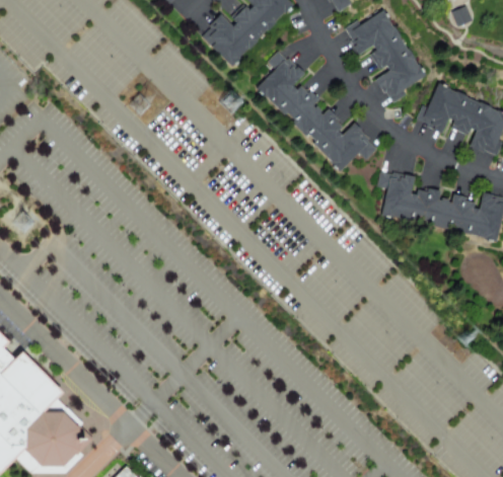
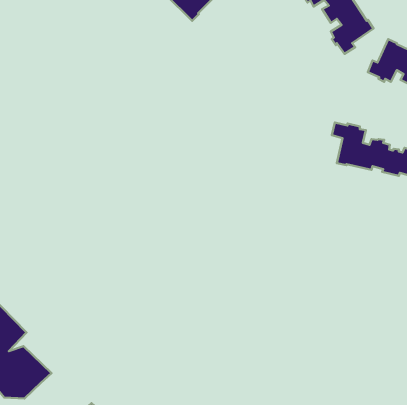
building: [259,53,377,171] -> none

